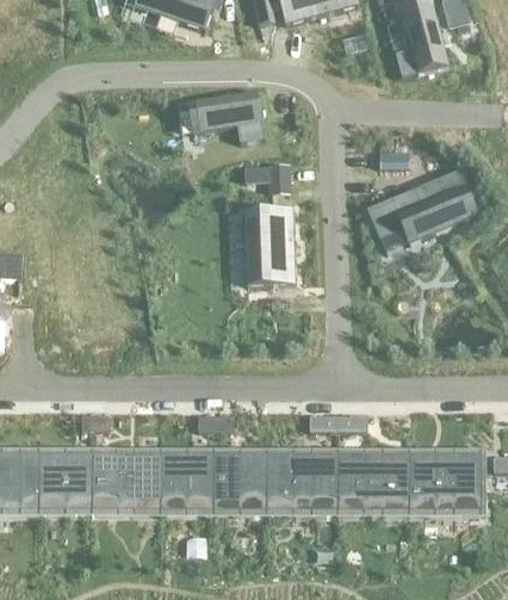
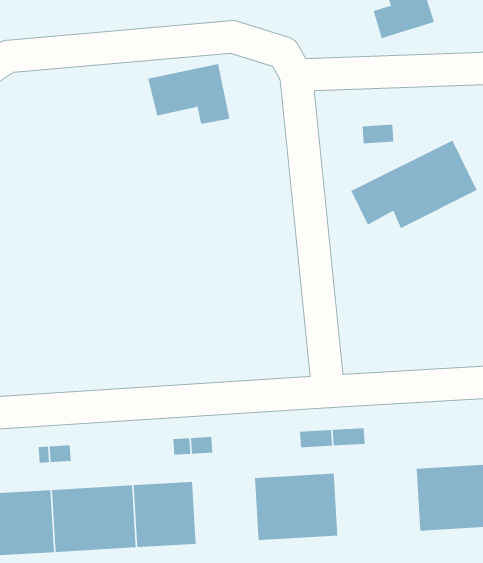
building: [243,163,287,191] -> none
building: [242,208,295,284] -> none
building: [212,453,266,508] -> none
building: [336,453,408,508] -> none

